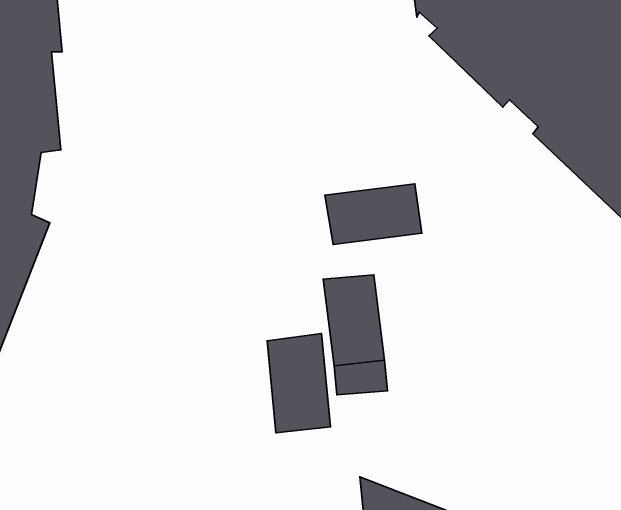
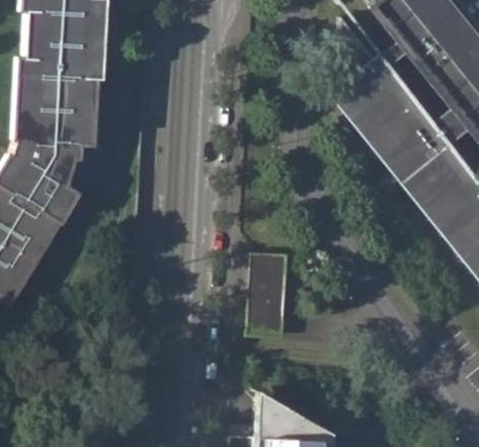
building: [325,184,422,244] -> none
building: [267,333,330,433] -> none

